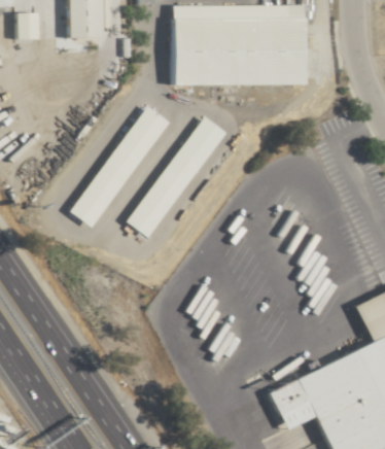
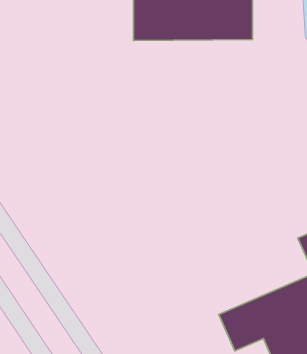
building: [71,105,169,229] -> none
building: [129,115,225,239] -> none

